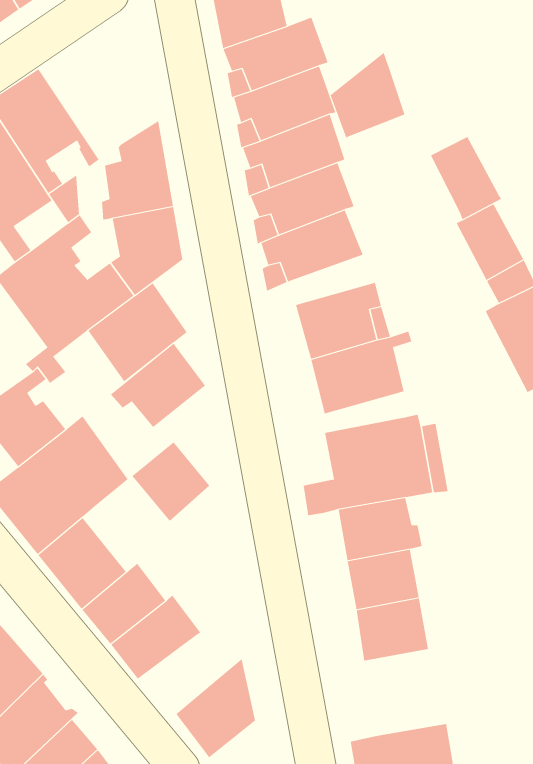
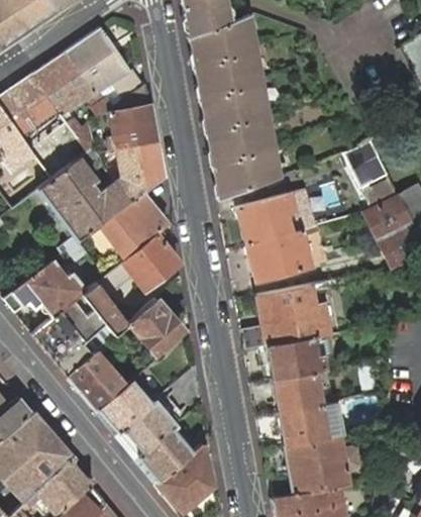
building: none -> [69,28,145,111]
building: [330,52,405,138] -> none
building: [430,136,502,220] -> none
building: none -> [134,428,192,484]
building: none -> [285,434,359,495]

